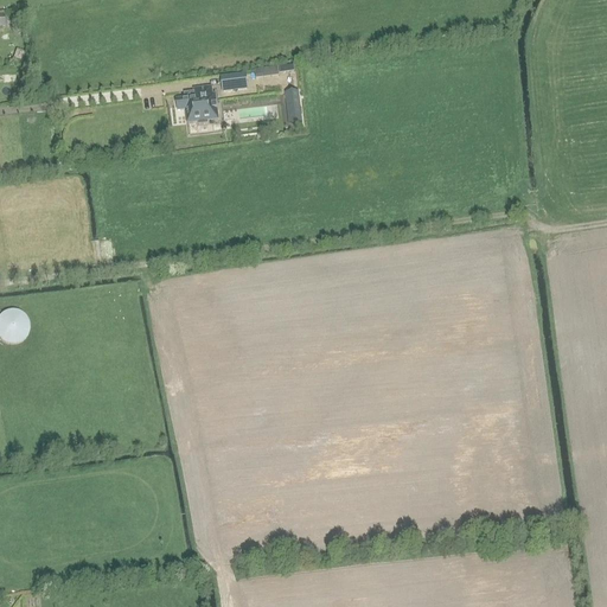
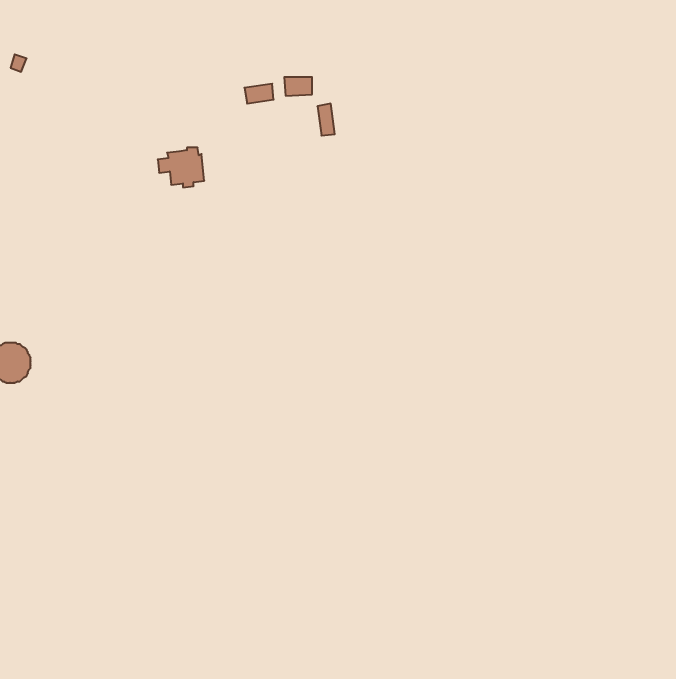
building: [173,89,215,124] -> [158,148,204,187]

